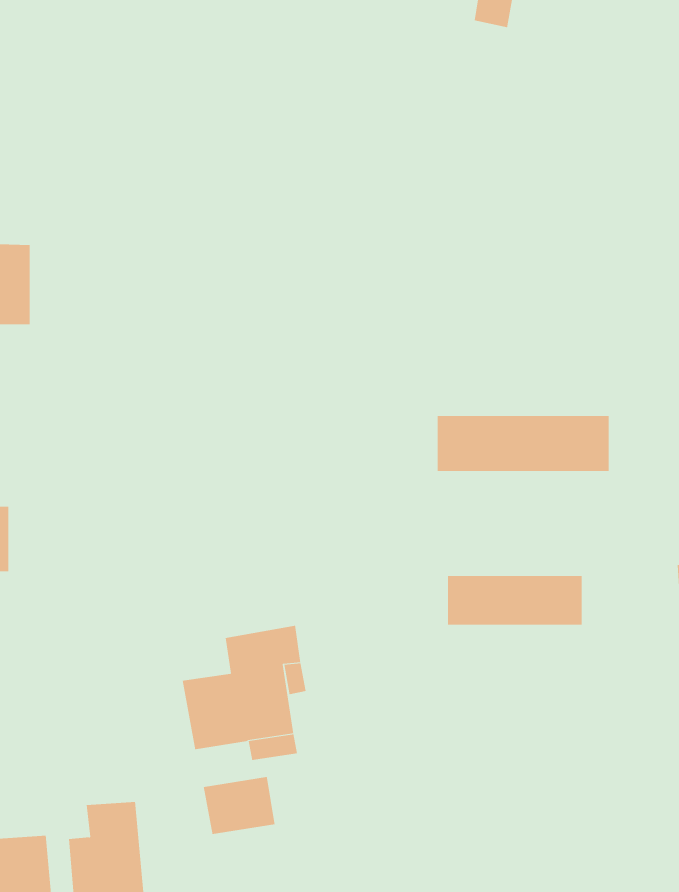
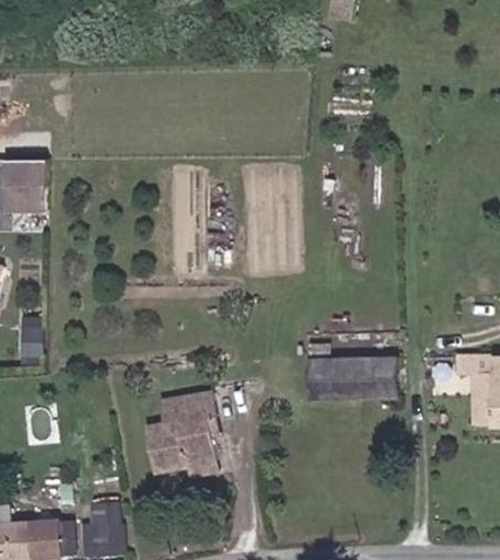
building: [437,415,609,472] -> none
building: [203,776,275,835] -> none

